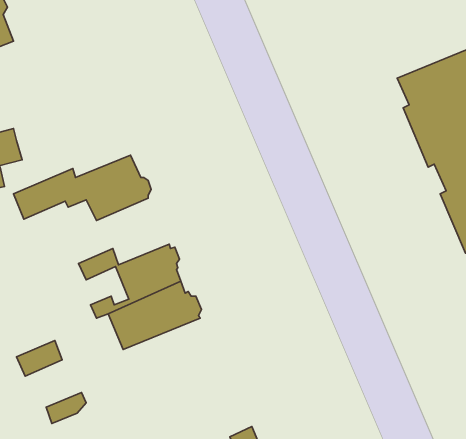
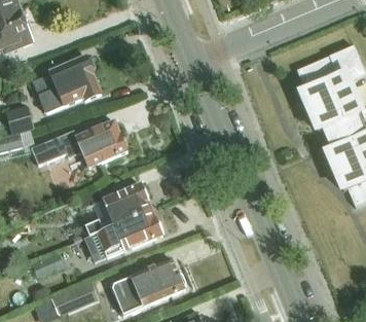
building: none -> [32,57,100,112]
building: none -> [110,259,184,315]

